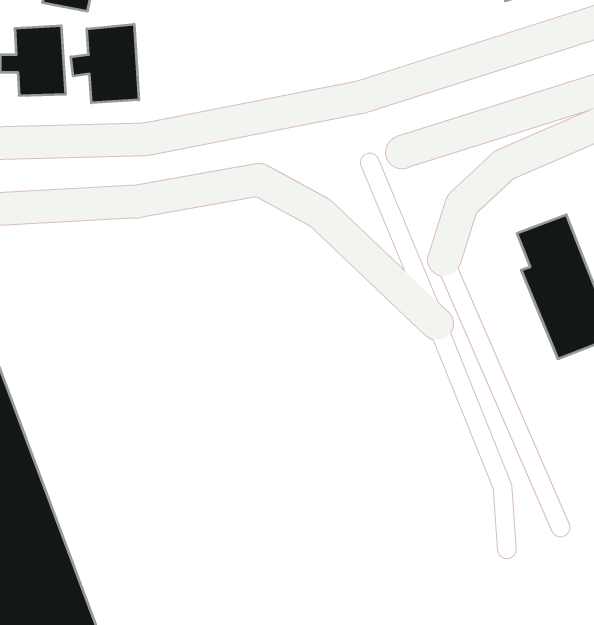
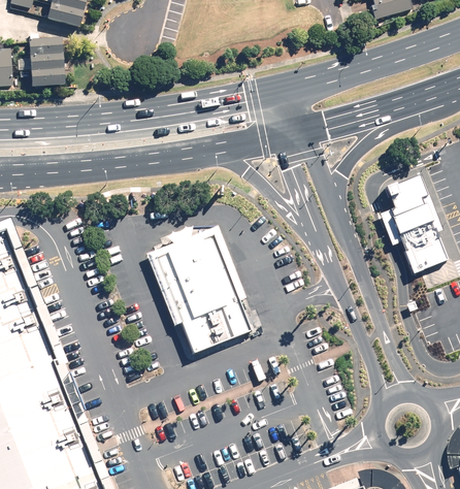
building: [71,24,139,103] -> none
building: none -> [144,228,252,356]

